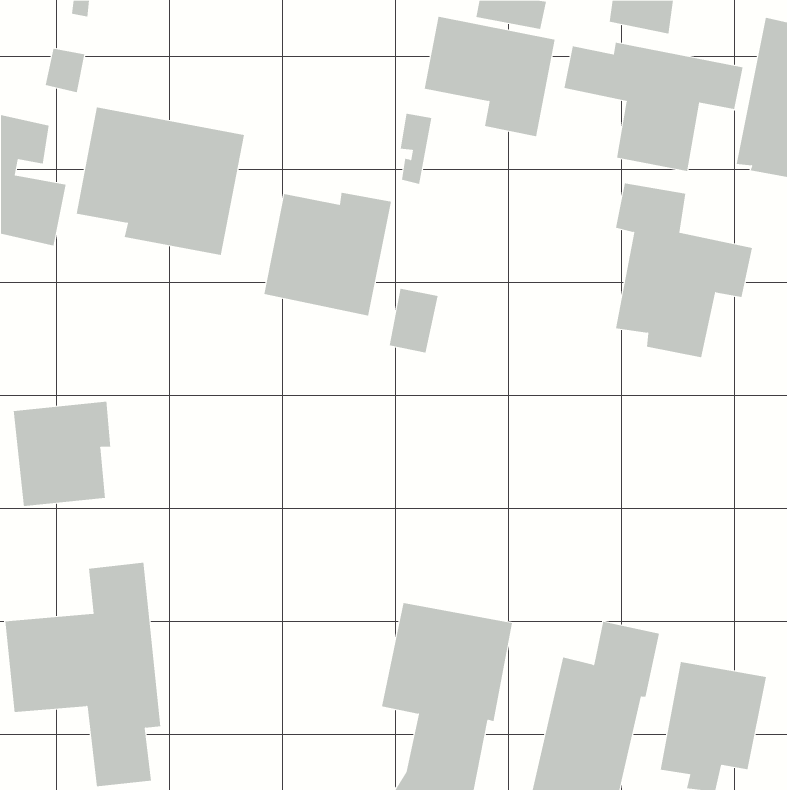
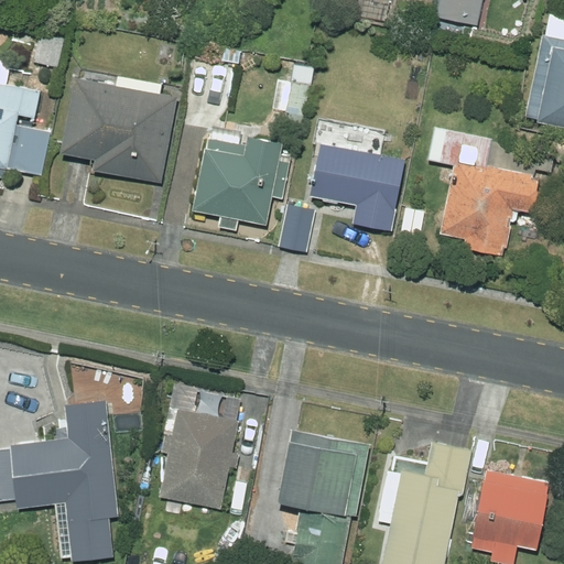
building: [424,16,555,137] -> [310,144,403,230]
building: [564,42,743,172] -> none
building: [13,401,111,507] -> none
building: none -> [160,409,238,509]

